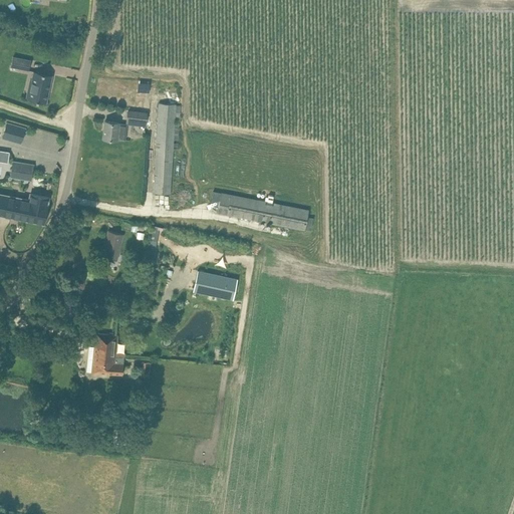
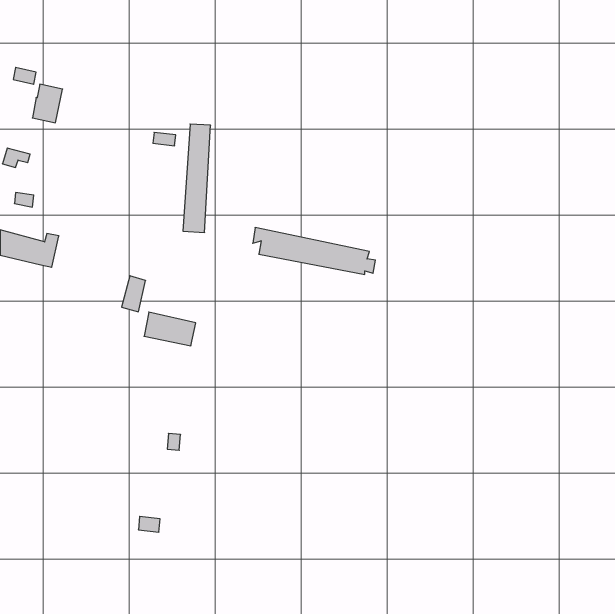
building: [103,121,126,141] -> none
building: [194,271,237,299] -> [144,312,196,346]
building: [91,333,123,376] -> none

